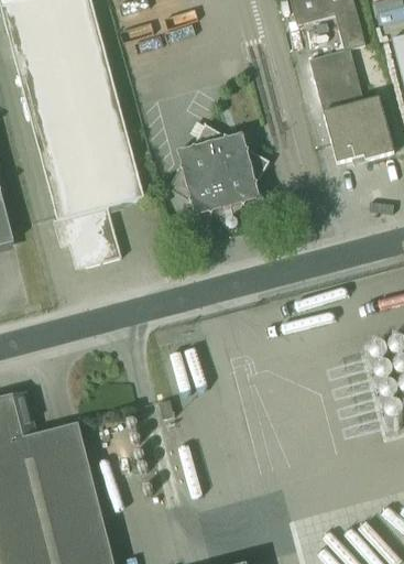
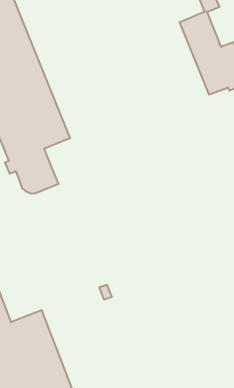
building: [176,126,269,214] -> none

